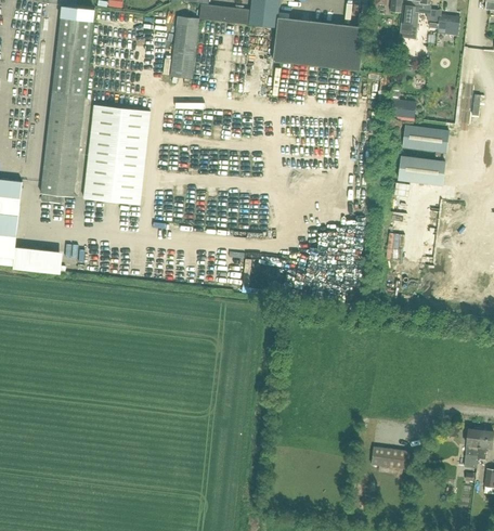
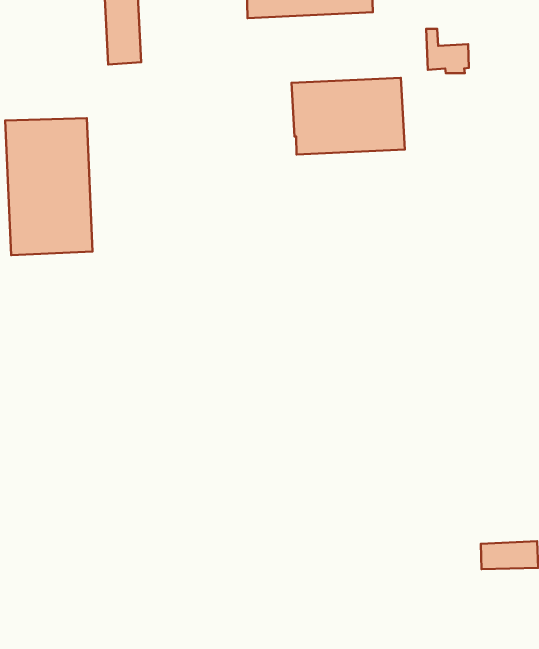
building: none -> [291,78,405,155]
building: [403,125,447,152] -> none
building: [396,155,445,185] -> none

